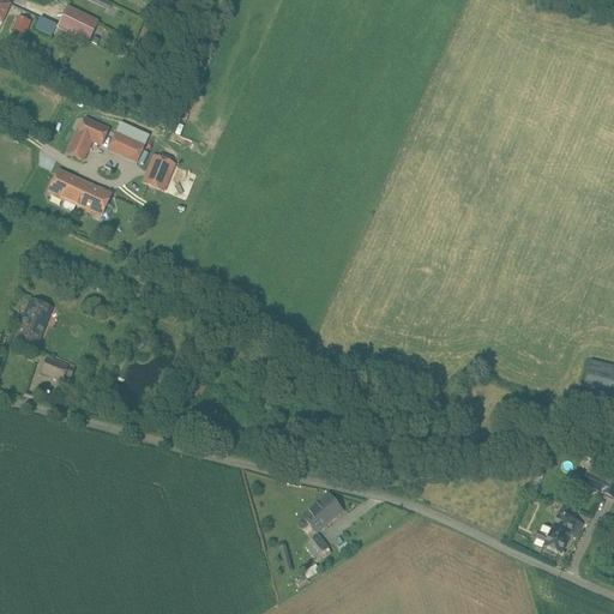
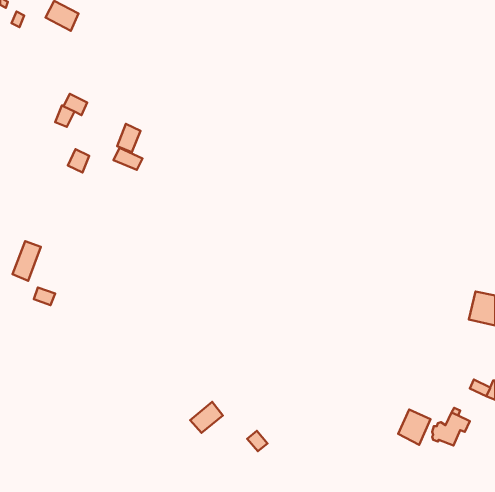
building: [109,131,145,158] -> [114,148,143,170]
building: [50,169,94,209] -> none
building: [302,492,343,530] -> [190,402,223,433]
building: none -> [398,410,431,445]

